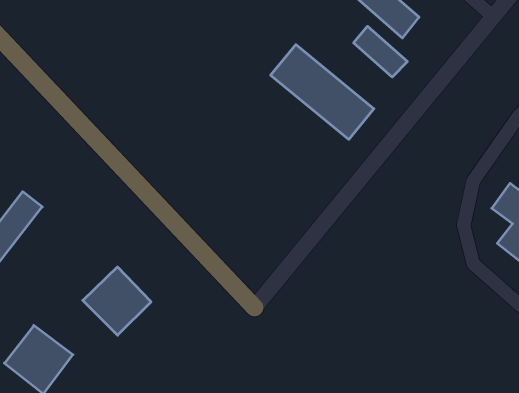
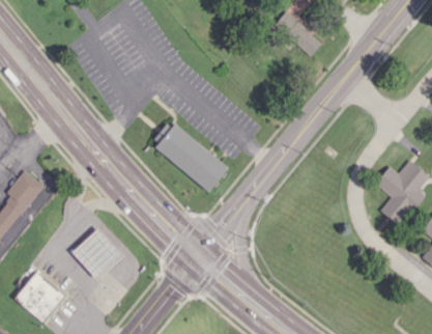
building: [354,26,407,77] -> none
building: [271,45,374,139] -> [151,120,228,191]

